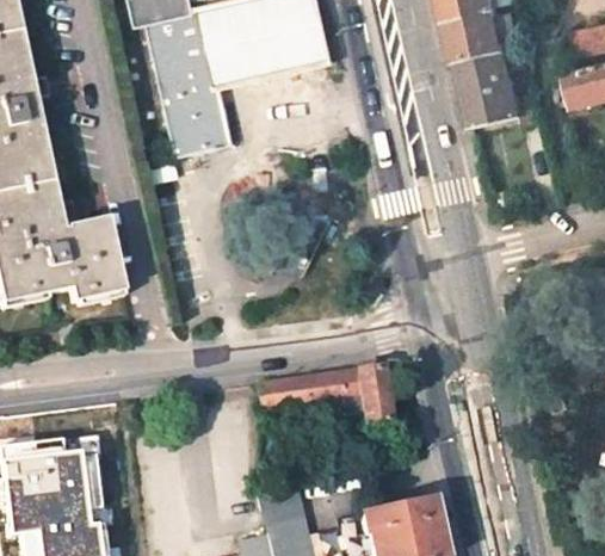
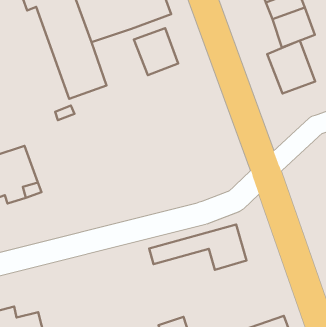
building: none -> [134,28,178,75]
building: none -> [267,41,315,94]

